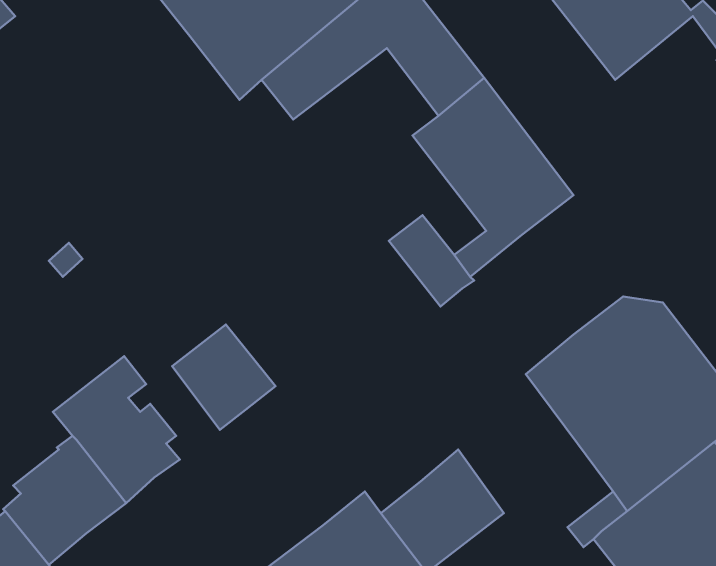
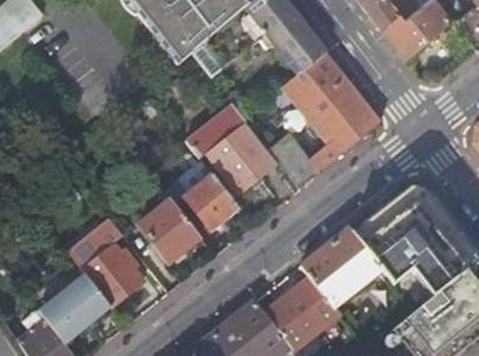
building: none -> [185,103,274,191]
building: none -> [185,174,239,229]
building: none -> [302,226,382,315]

